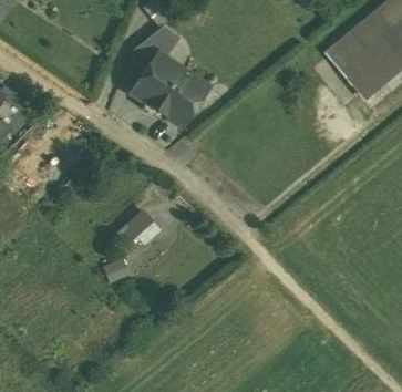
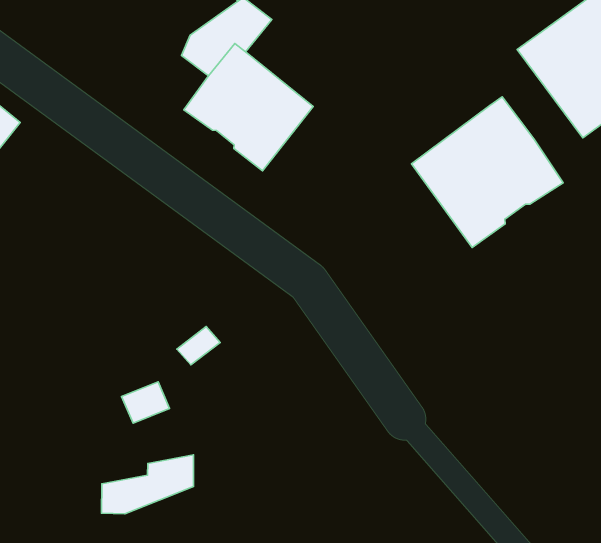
building: none -> [411,97,563,248]
building: none -> [101,455,194,514]

